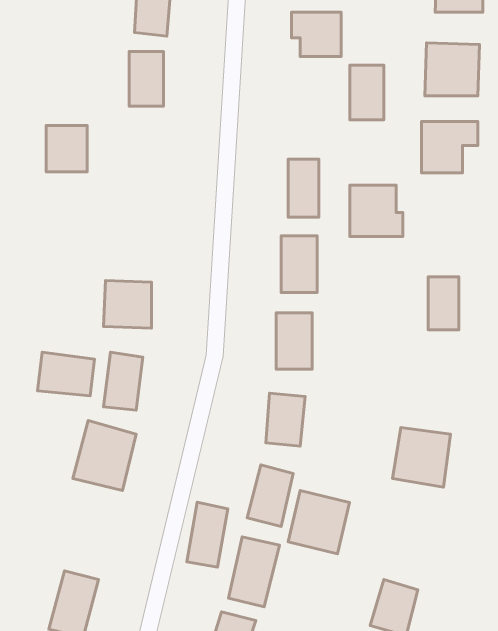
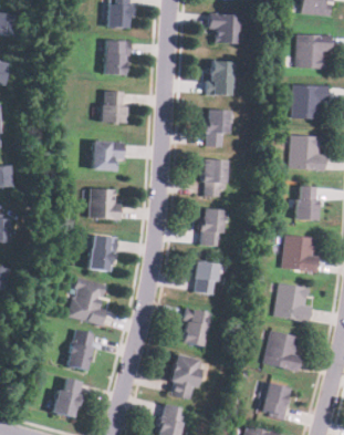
building: [350,65,384,120] -> [210,61,232,96]
building: [46,126,87,172] -> [101,92,127,122]
building: [350,185,403,236] -> [291,136,325,169]
building: none -> [92,142,122,170]
building: none -> [281,234,320,272]
building: [37,352,94,396] -> none
building: [288,491,350,554] -> [263,330,303,371]
building: [187,502,228,567] -> [67,329,94,371]

